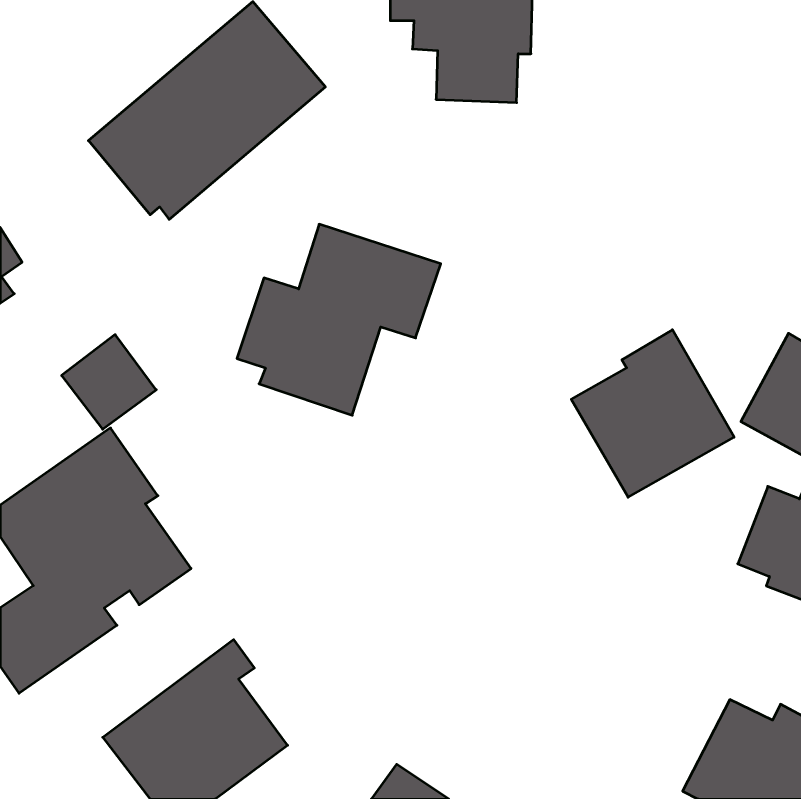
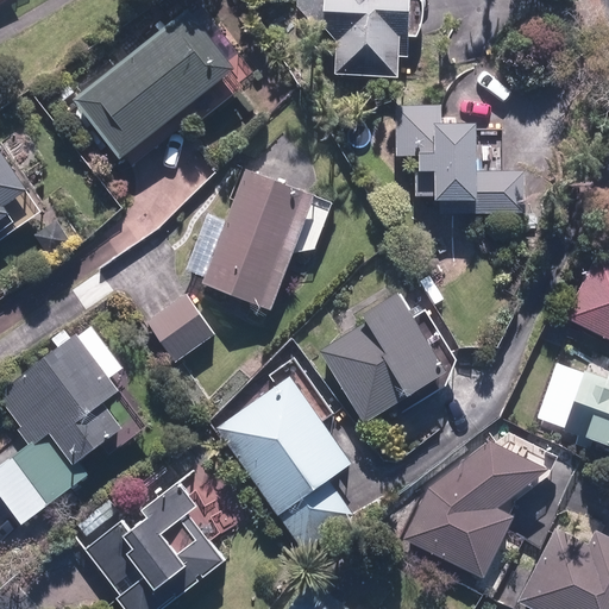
building: none -> [395,102,525,214]
building: [571,330,734,497] -> [319,296,441,422]
building: [62,335,156,429] -> [147,288,219,359]
building: none -> [219,378,349,542]
building: none -> [407,426,558,573]

